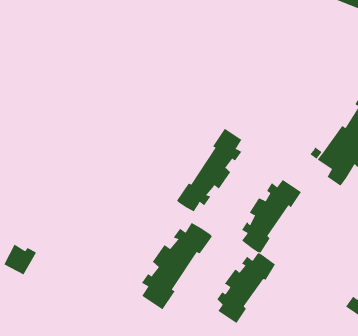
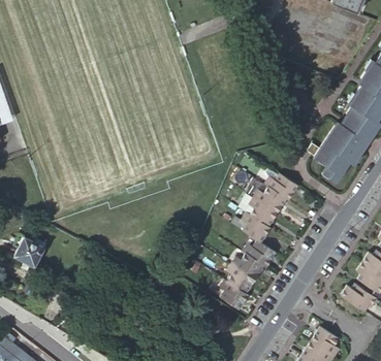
building: [176,128,242,212] -> none
building: [141,222,212,310] -> none

